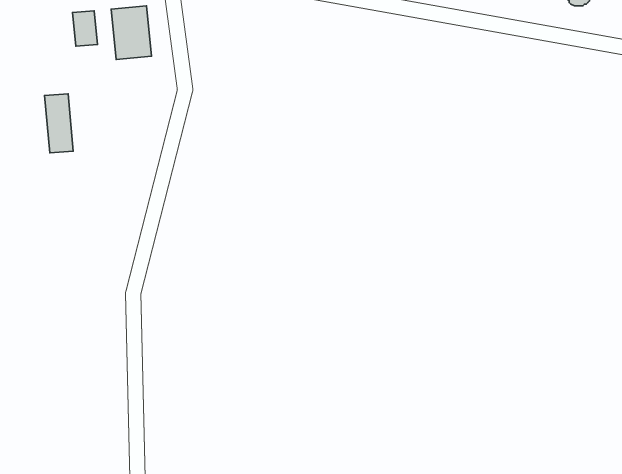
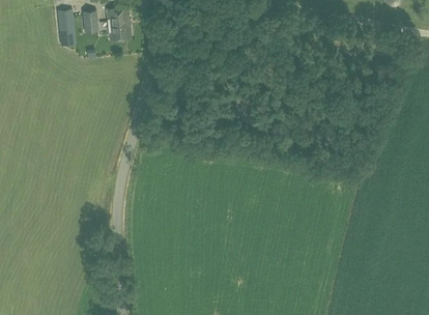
building: [45,94,73,153] -> [58,9,76,46]

